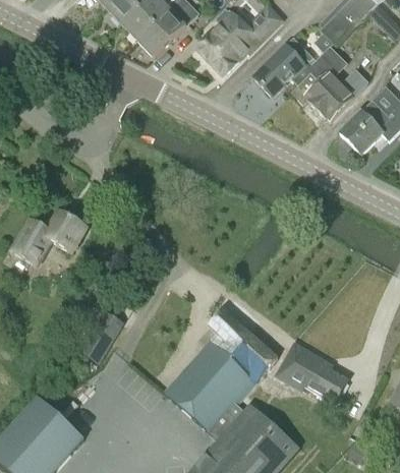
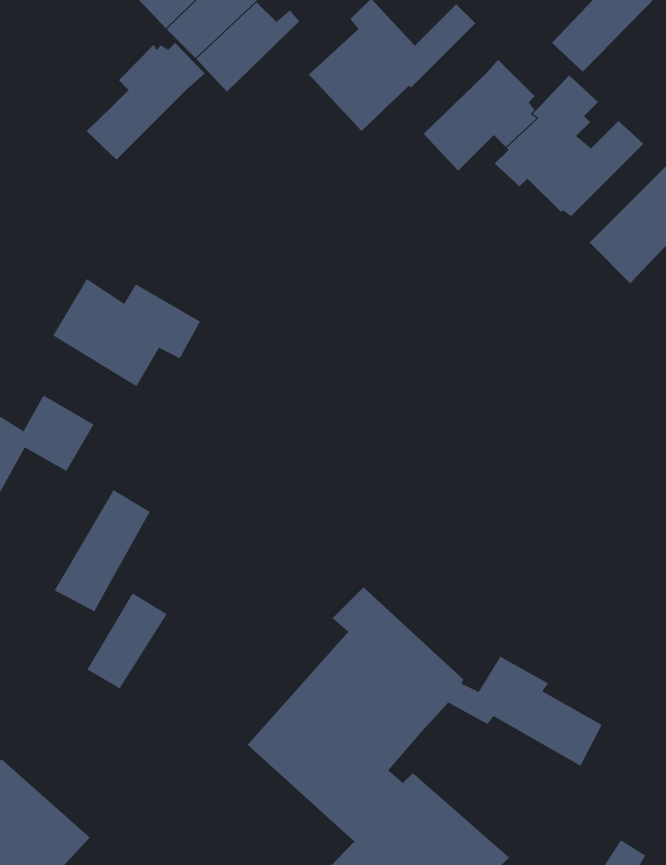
building: none -> [86,42,206,160]
building: none -> [53,278,201,387]
building: none -> [54,489,150,612]

